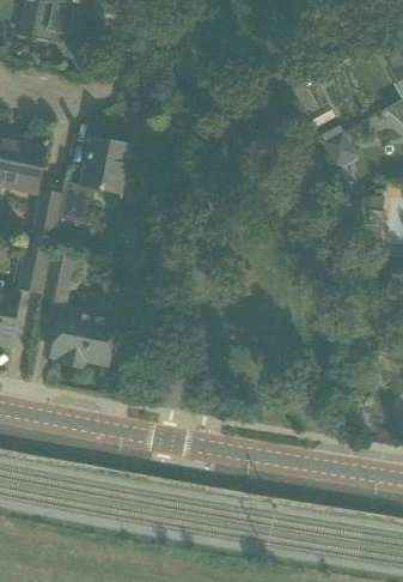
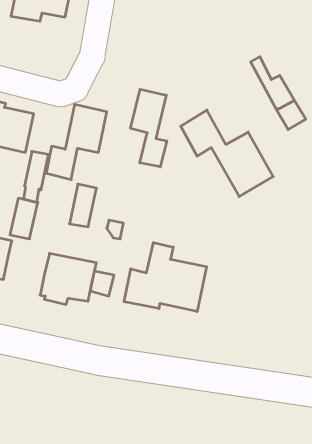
building: none -> [131,89,167,167]
building: none -> [181,110,273,197]
building: [44,253,75,302] -> [69,184,97,227]
building: none -> [124,243,207,312]

